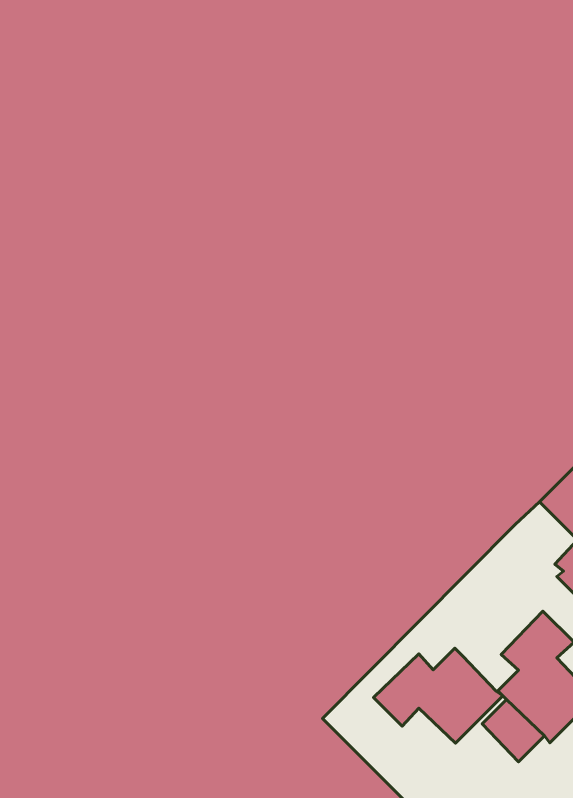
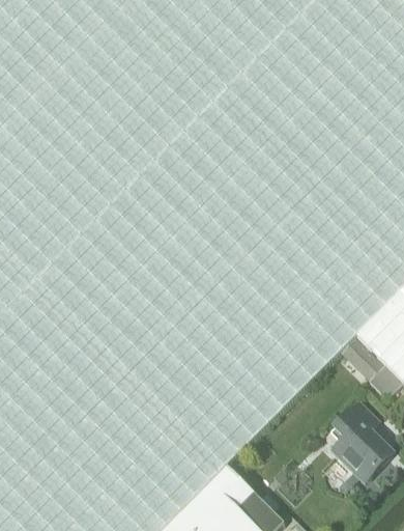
building: [374,648,503,743] -> none

